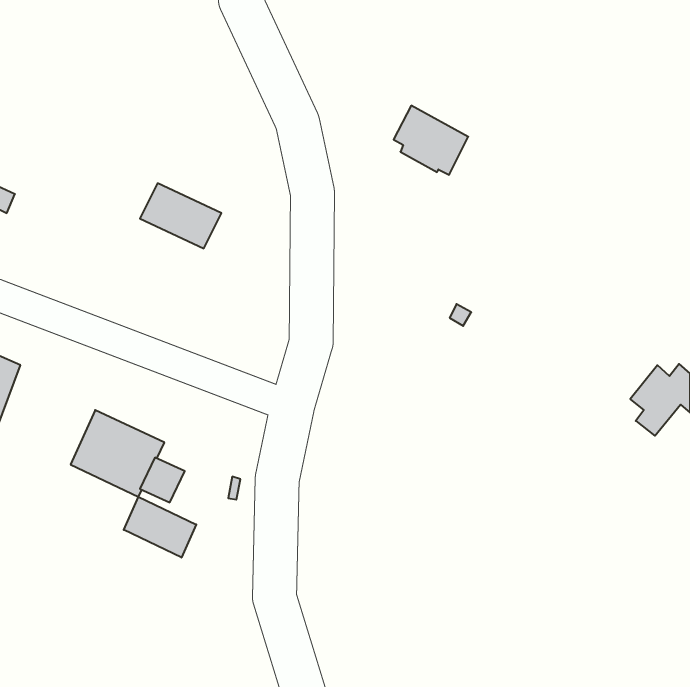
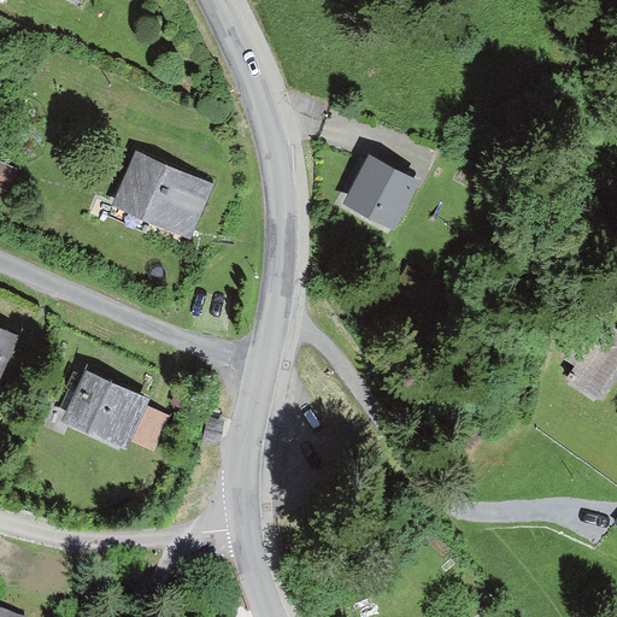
building: [394,106,468,175] -> [345,163,411,224]
building: [124,497,196,558] -> none

